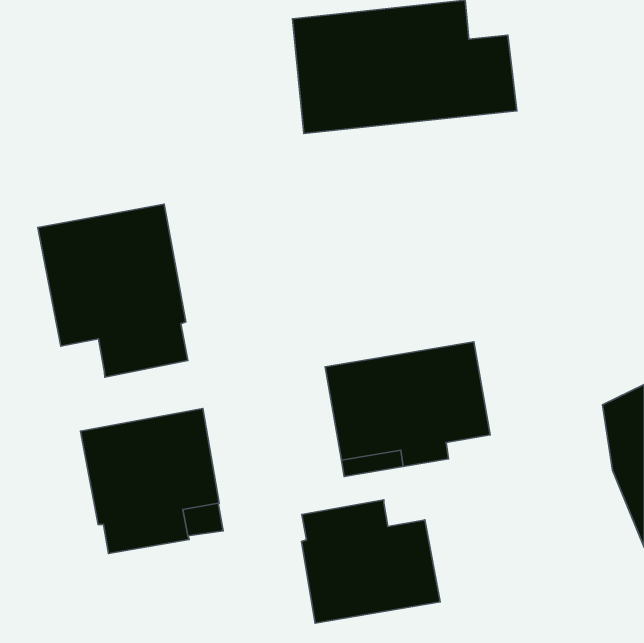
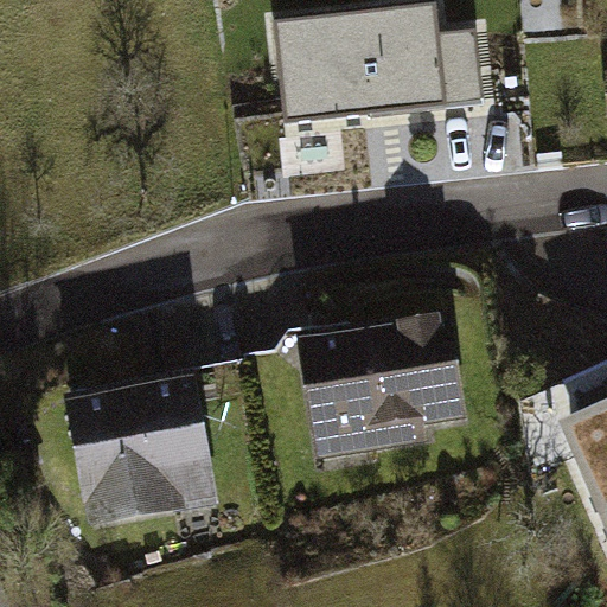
building: [38,204,188,377] -> none
building: [302,500,440,623] -> none

